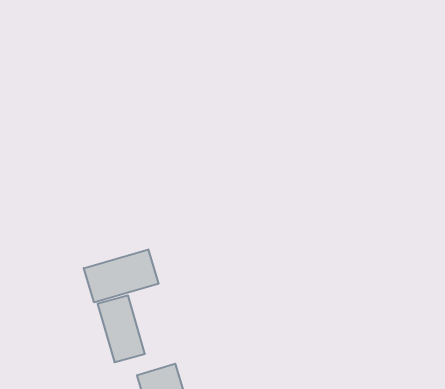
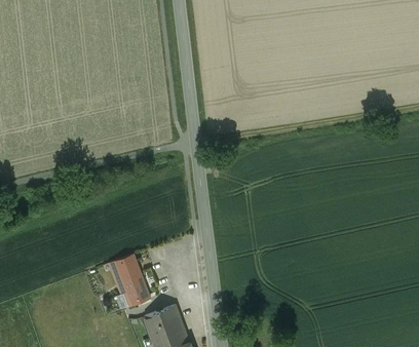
building: [84,249,159,302] -> none

